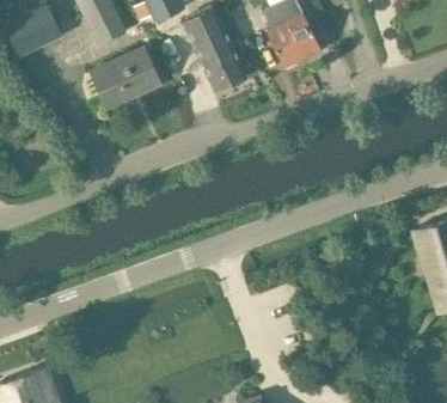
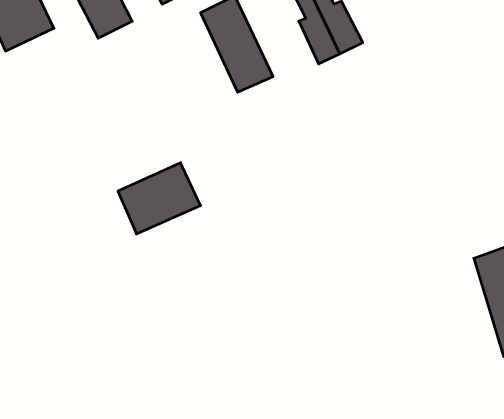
building: [91,47,160,106] -> [118,163,201,234]

